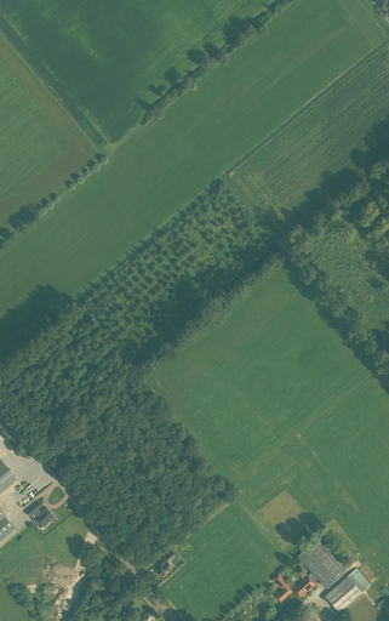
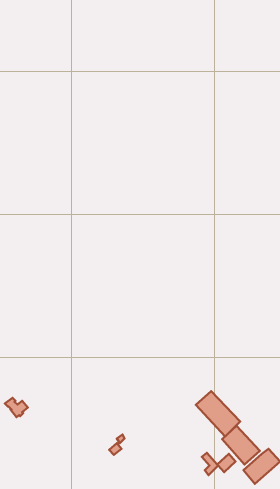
building: none -> [196,391,240,436]

